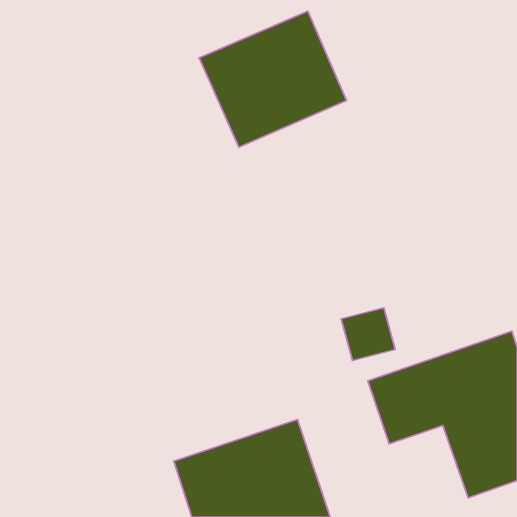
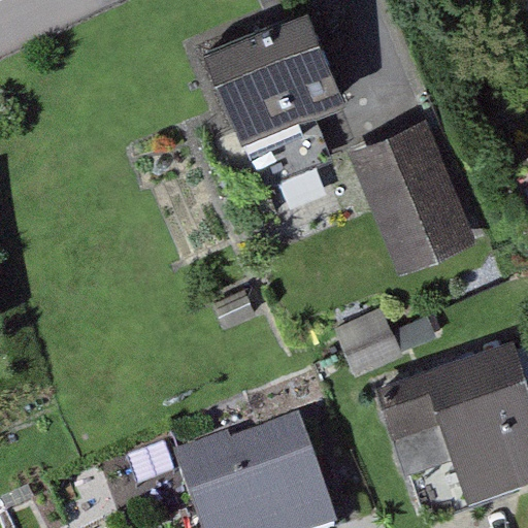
building: none -> [350,123,474,276]

